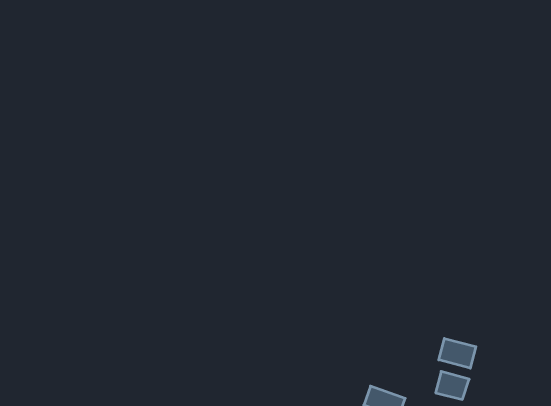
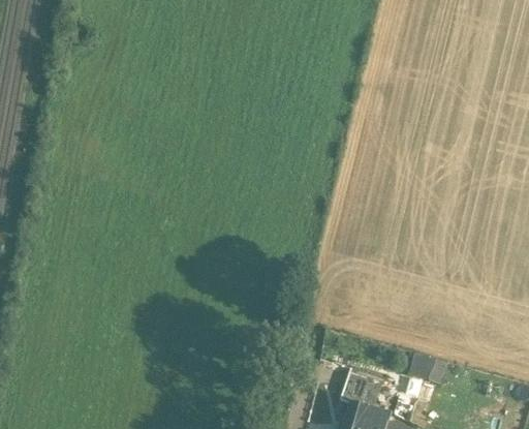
building: [439,338,476,368] -> none

